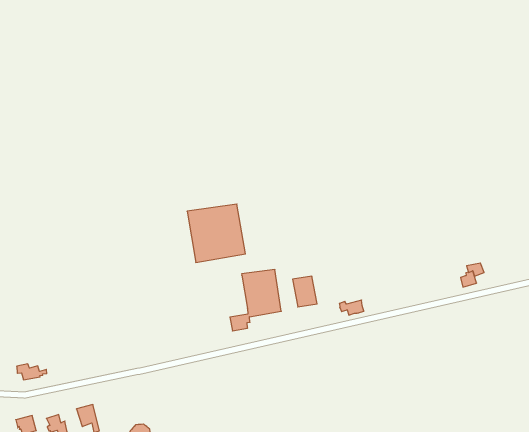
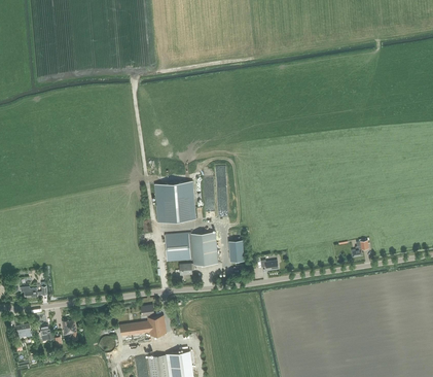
building: none -> [164,233,192,262]
building: none -> [119,306,166,337]

